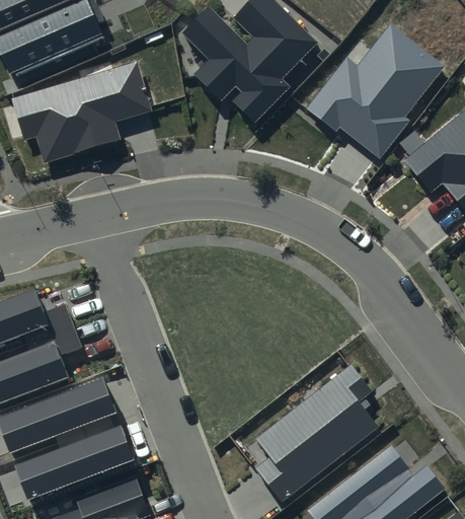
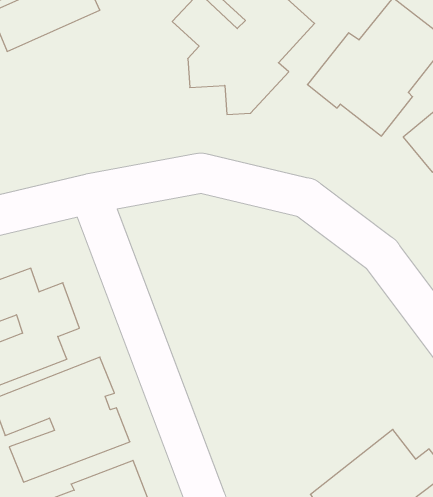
building: [11,61,153,163] -> none
building: [254,364,378,503] -> none

